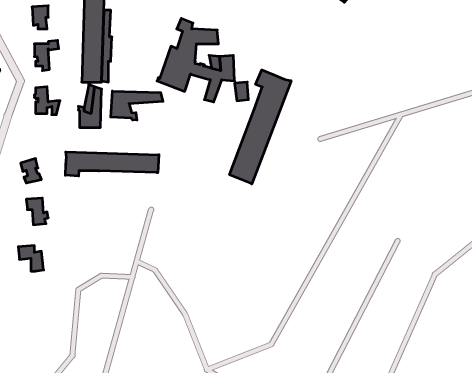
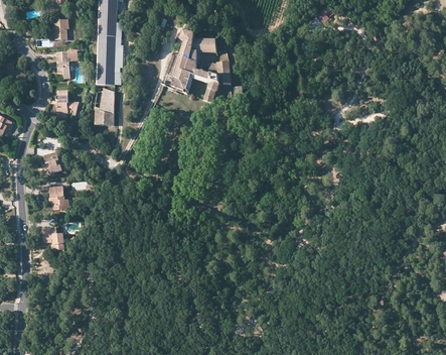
building: [230,70,291,184] -> none
building: [111,91,163,120] -> none
building: [65,152,159,176] -> none

